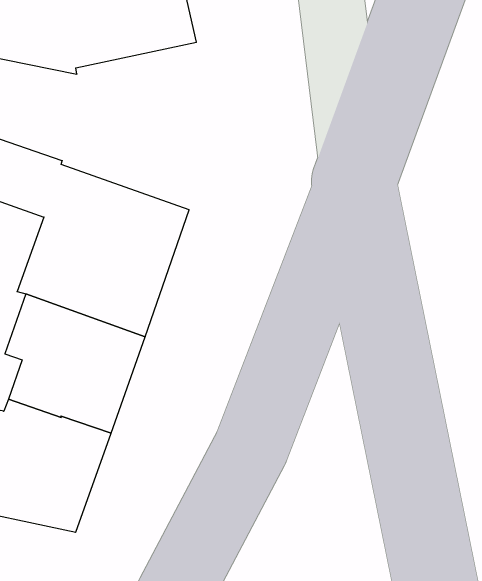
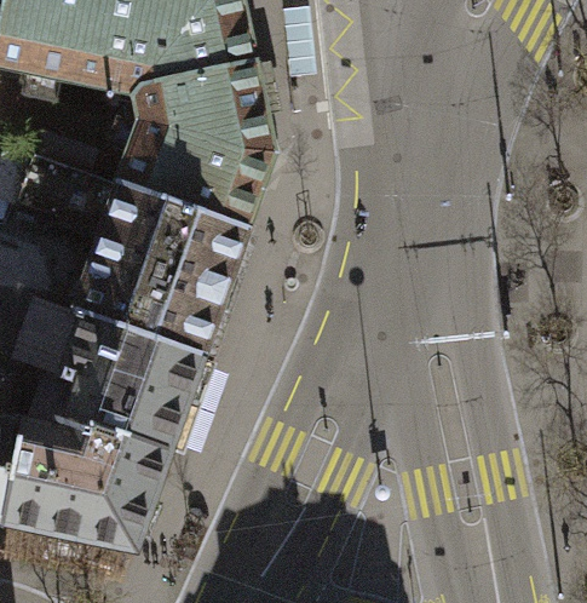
building: none -> [114,63,267,229]

